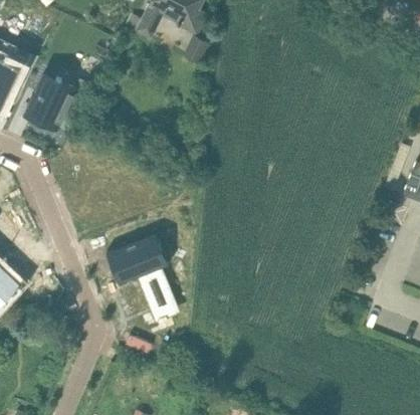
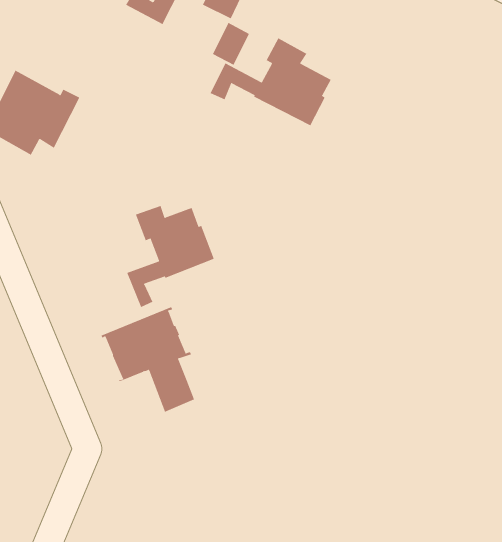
building: none -> [210,38,332,126]
building: none -> [126,205,215,308]

